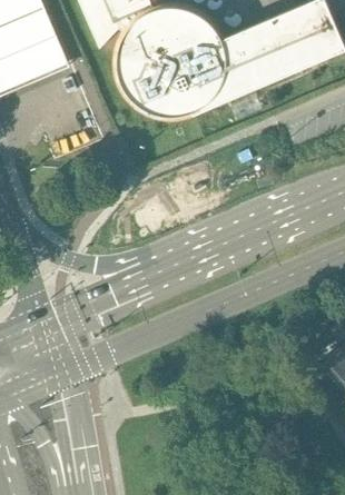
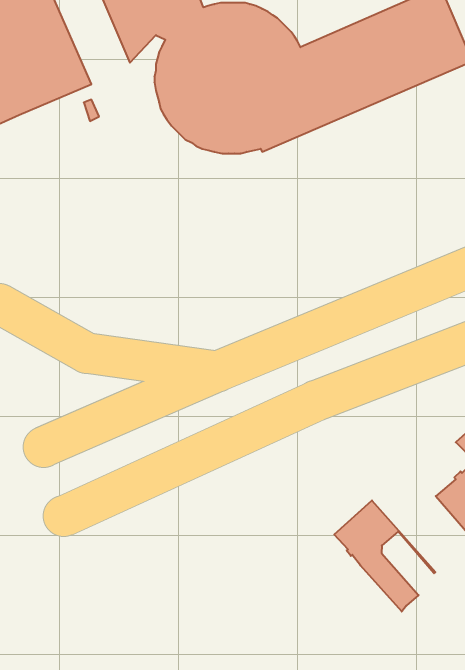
building: none -> [334,500,435,612]

